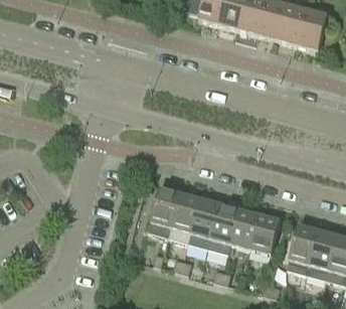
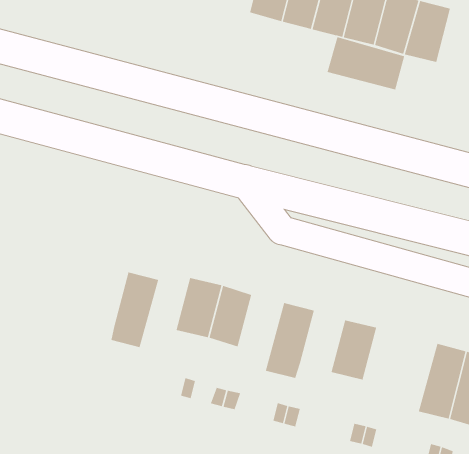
building: none -> [327,36,405,90]
building: [188,199,219,249] -> [111,272,159,348]
building: [230,209,258,250] -> none
building: [286,225,318,275] -> none

